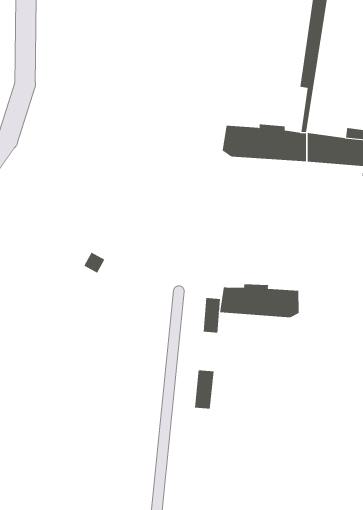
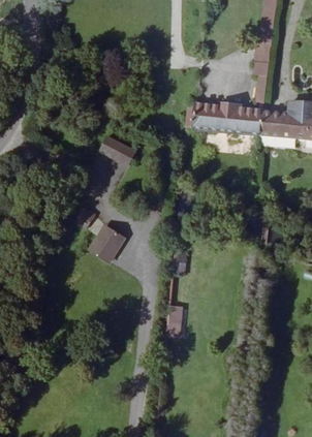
building: none -> [93,137,127,164]
building: none -> [91,222,128,261]
building: [220,284,299,318] -> none

